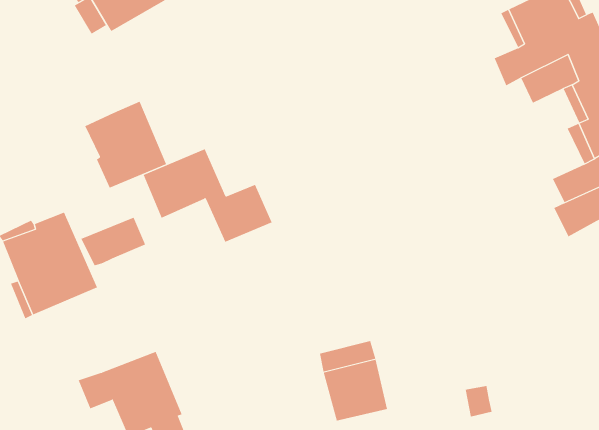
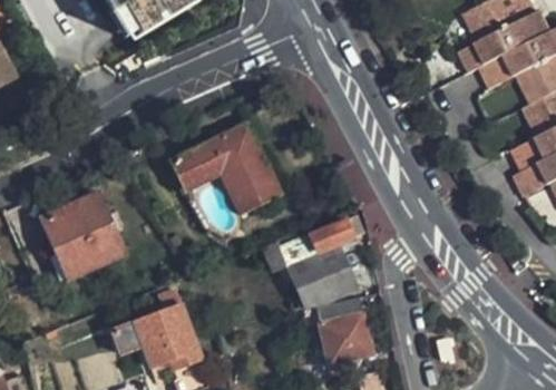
building: [85,101,167,188] -> none
building: none -> [218,124,261,174]
building: [80,217,146,266] -> none
building: none -> [260,212,365,304]

